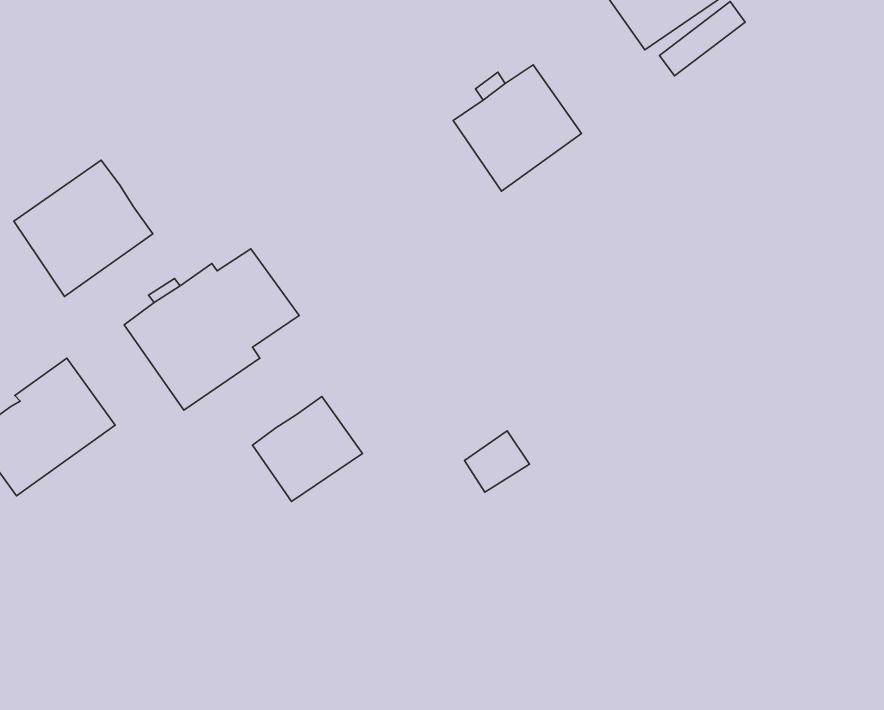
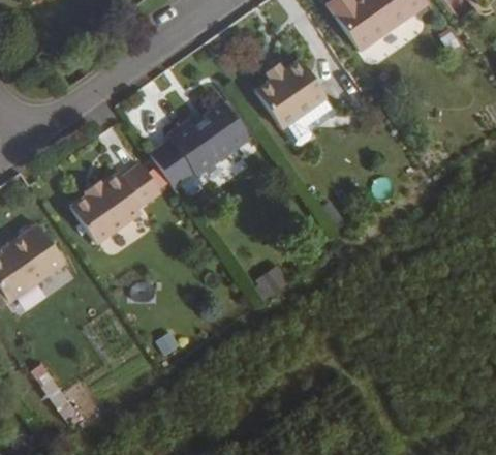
building: none -> [148,101,248,183]
building: [14,160,153,296] -> none
building: [252,397,362,501] -> none

